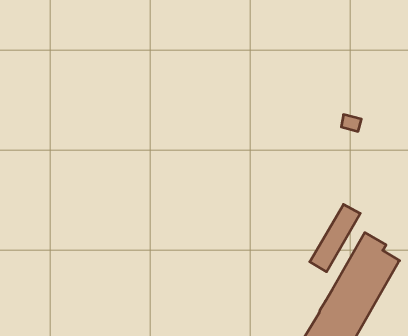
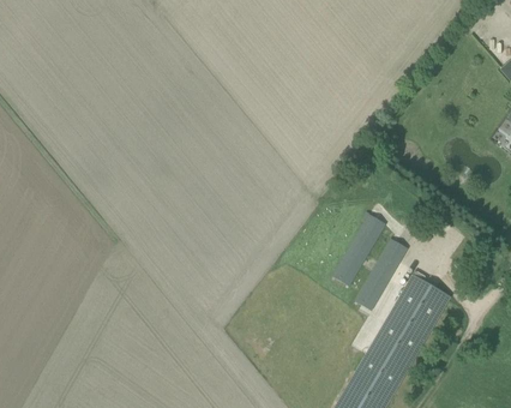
building: none -> [331,212,386,286]

